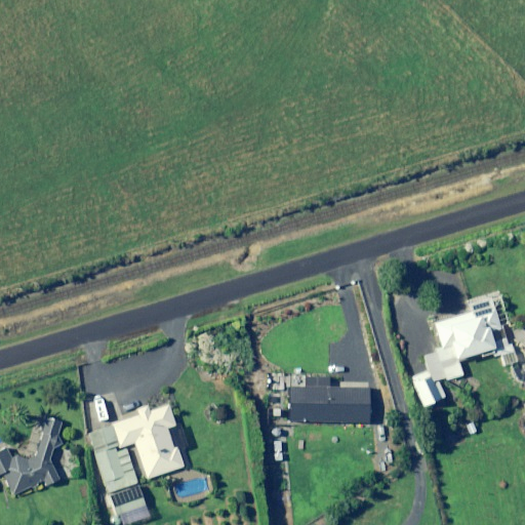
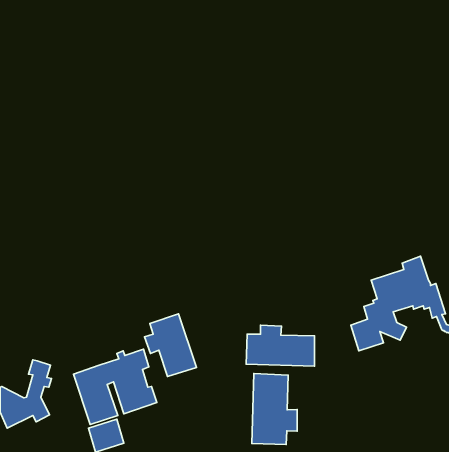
building: none -> [145,314,196,377]
building: none -> [252,374,297,444]

